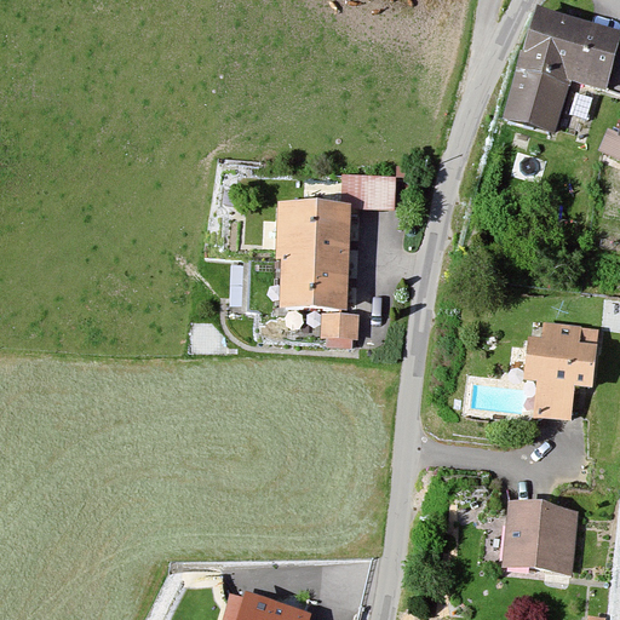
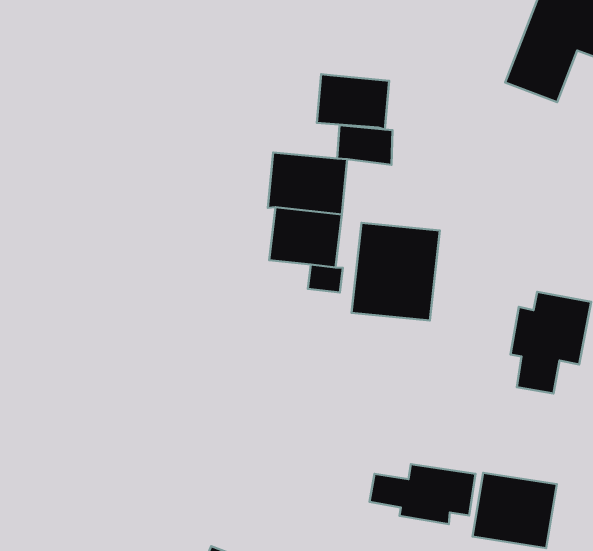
building: none -> [317,74,389,129]
building: none -> [351,223,440,320]
building: none -> [370,464,475,524]

